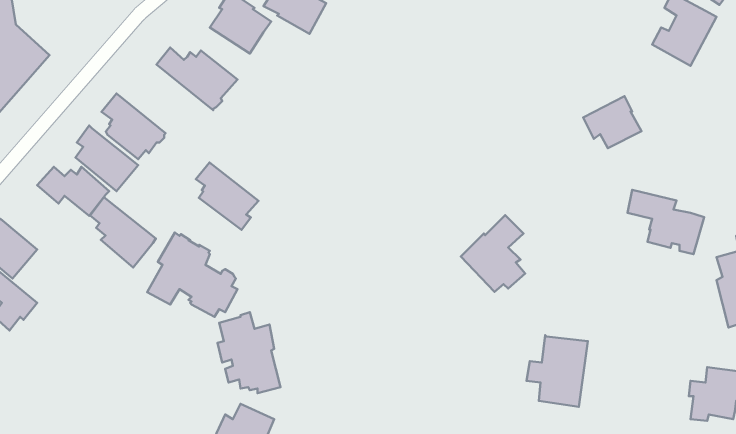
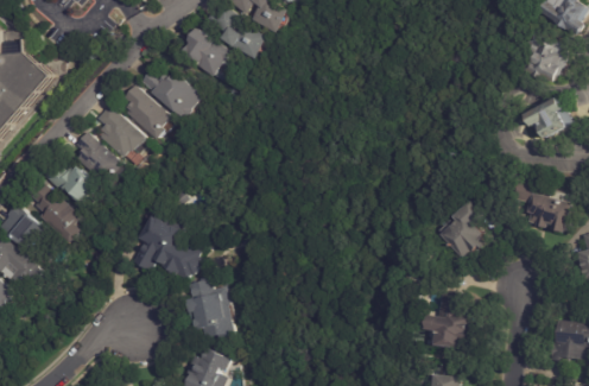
building: [583,96,641,148] -> [524,97,569,138]
building: [196,163,258,230] -> [120,87,169,139]
building: [90,197,156,268] -> [31,182,82,236]
building: [461,215,525,292] -> [436,200,486,259]

